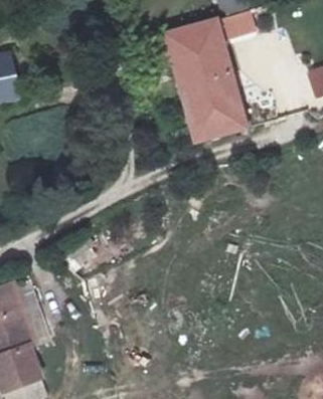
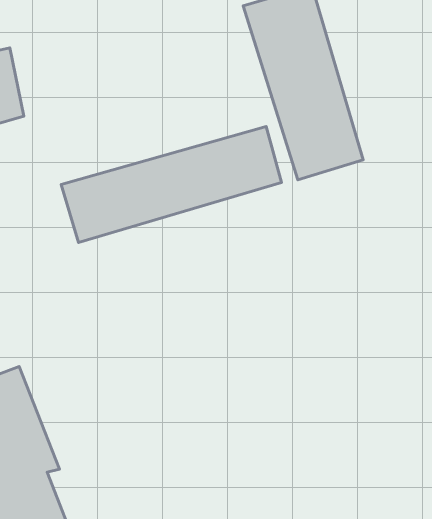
building: none -> [61,127,281,242]

